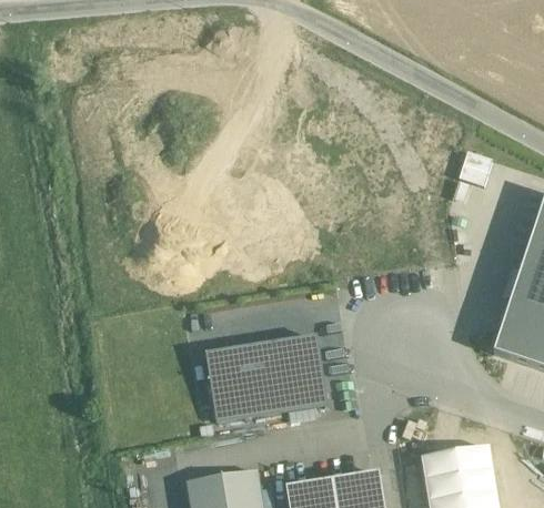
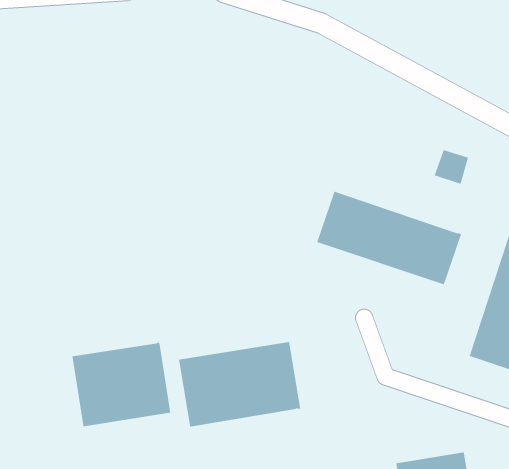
building: none -> [316,191,462,285]
building: none -> [72,342,171,427]

